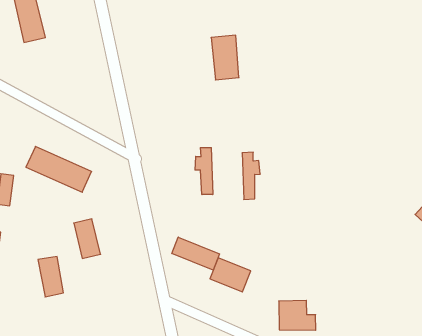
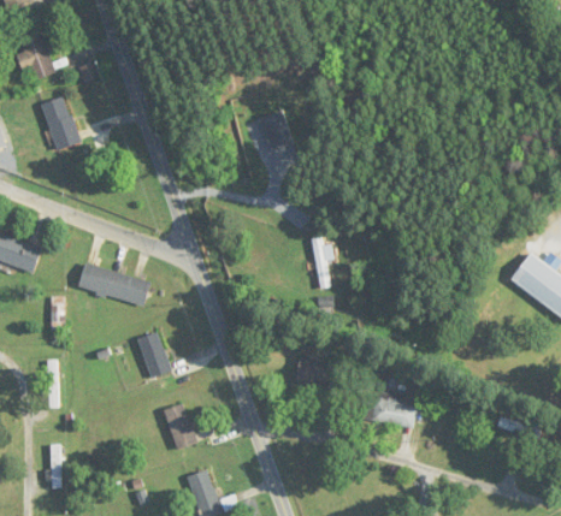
building: [195,148,213,195] -> none
building: [172,237,220,270] -> none
building: [38,257,63,297] -> [163,404,195,450]

